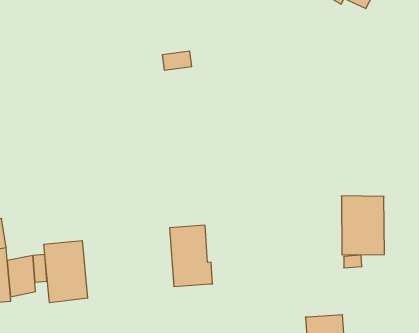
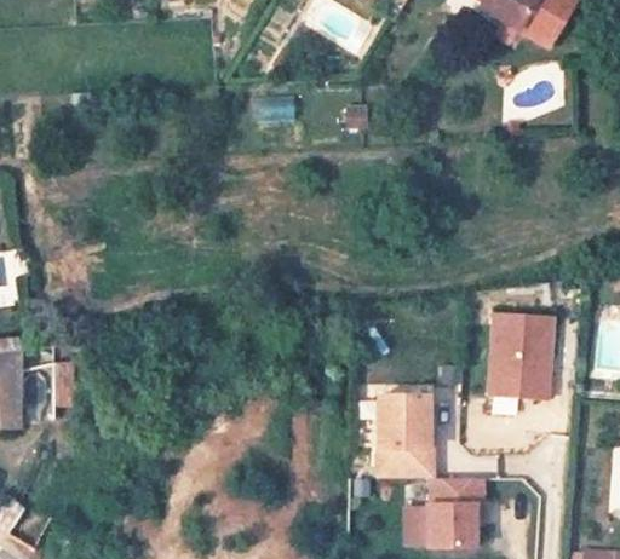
building: [170,225,213,286] -> [379,394,434,477]
building: [44,241,88,303] -> none

